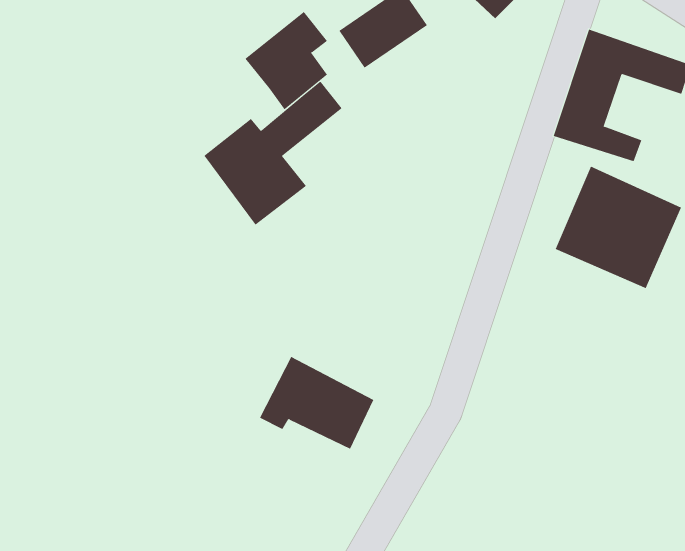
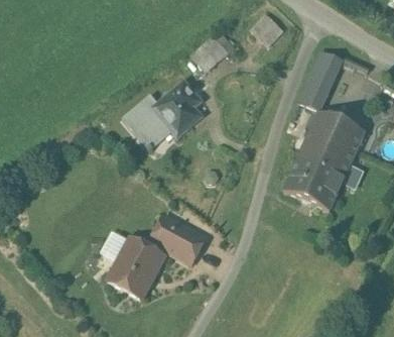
building: [245,11,328,110] -> [159,89,202,139]
building: none -> [283,160,344,213]
building: none -> [110,238,165,299]

